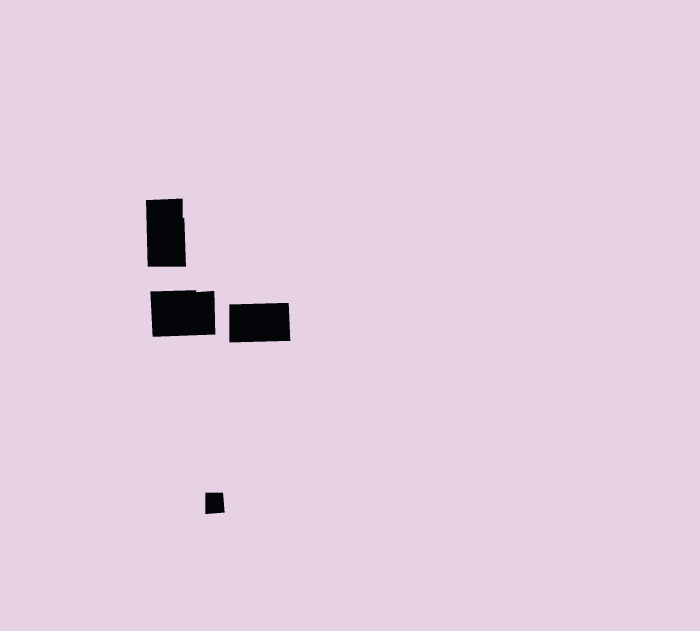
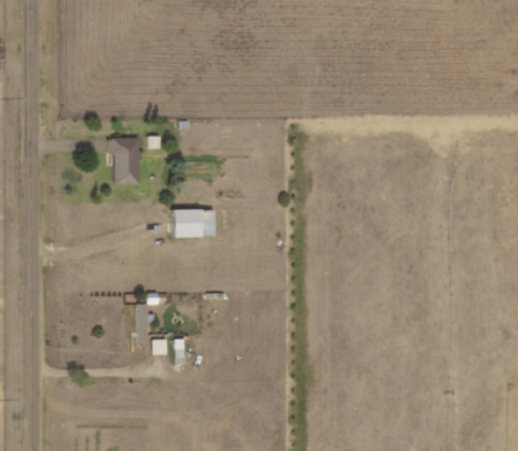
building: [150,290,216,337] -> none

